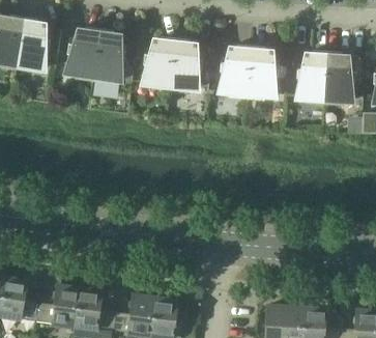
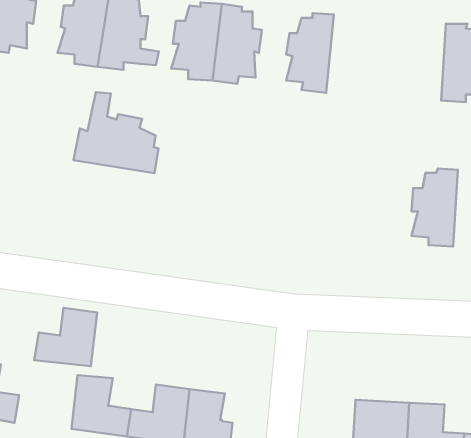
building: [245,46,278,100] -> none
building: [295,51,326,104] -> [412,168,458,247]
building: none -> [73,92,158,173]
building: [35,286,78,326] -> [34,308,97,366]

